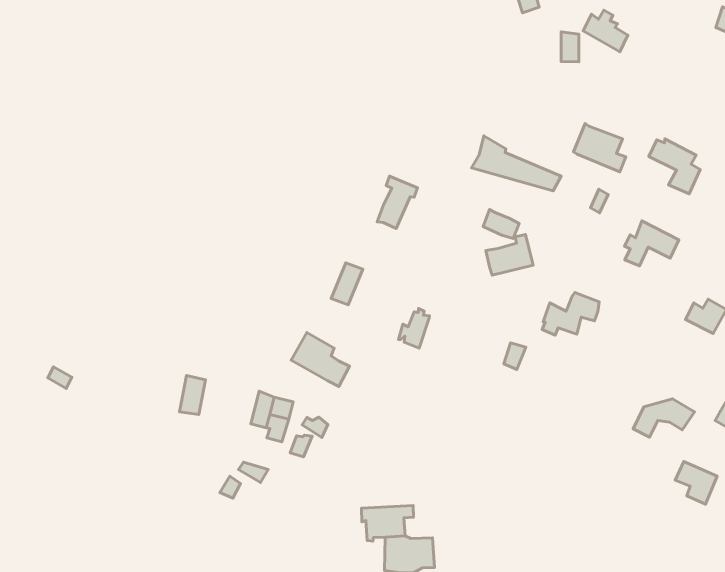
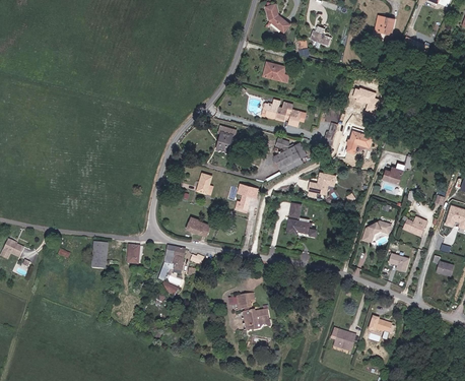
building: [573,124,626,172] -> [262,60,289,82]
building: none -> [89,243,106,271]
building: none -> [286,215,318,237]

